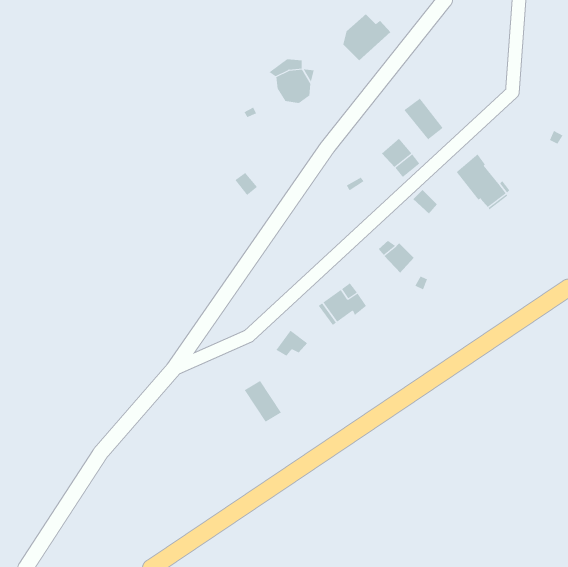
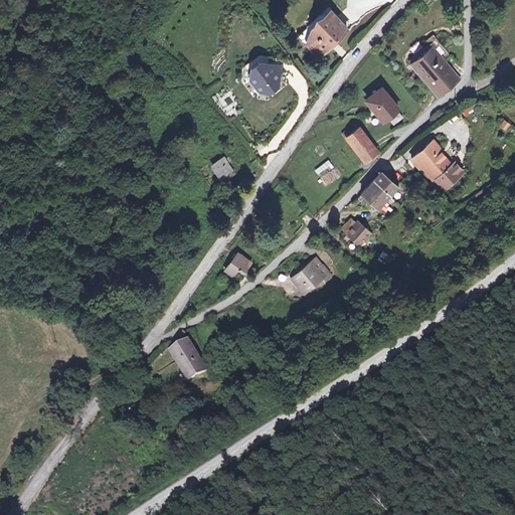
building: none -> [415,50,457,93]
building: none -> [358,181,388,210]
building: [276,330,308,357] -> [225,252,254,277]
building: [244,380,282,423] -> [173,344,207,382]

